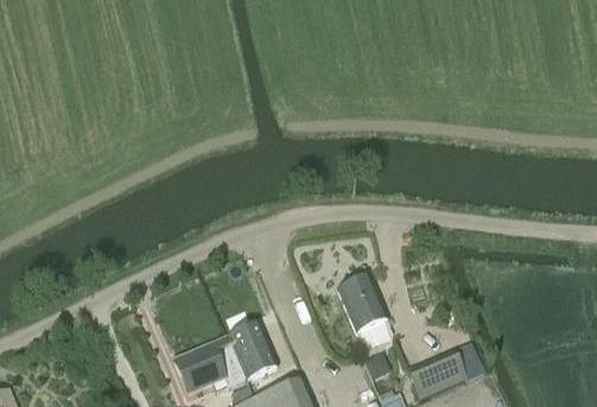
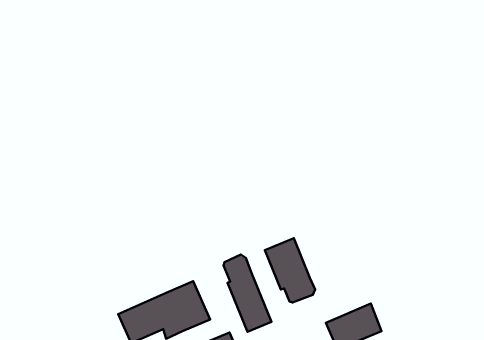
building: none -> [224,254,272,332]

